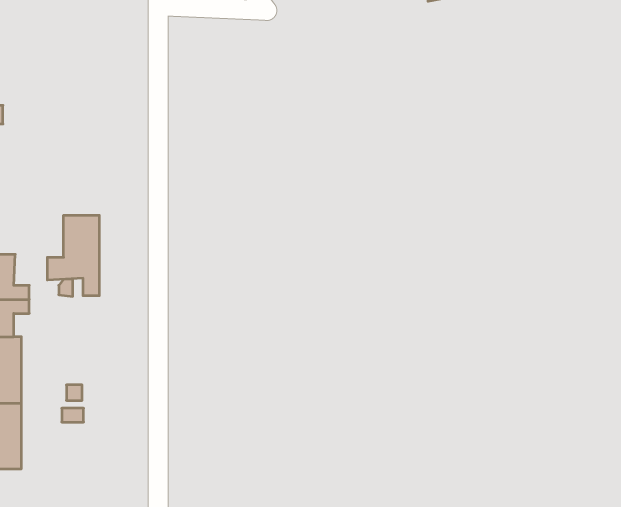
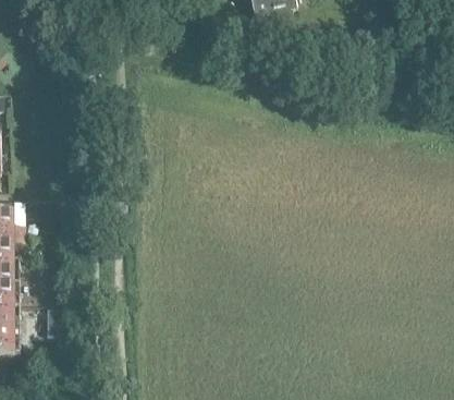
building: [47,215,99,296] -> none

